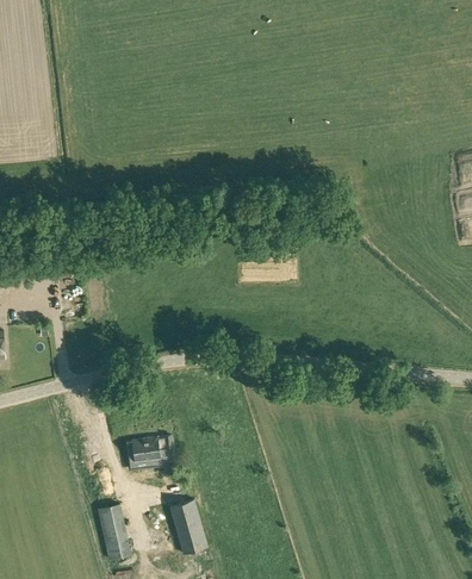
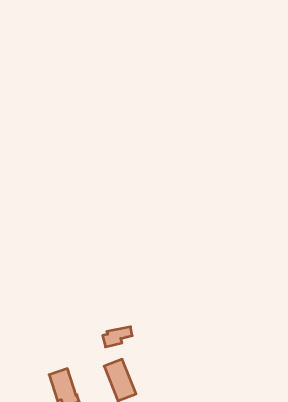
building: [133,436,173,460] -> [103,327,132,347]

